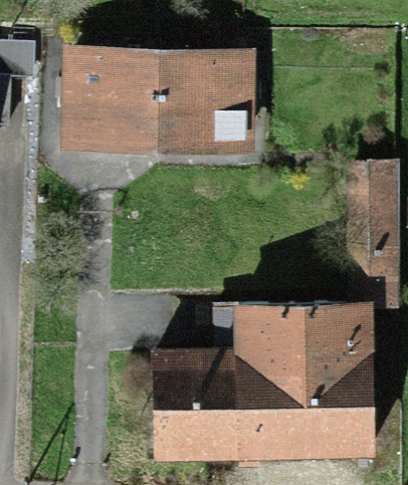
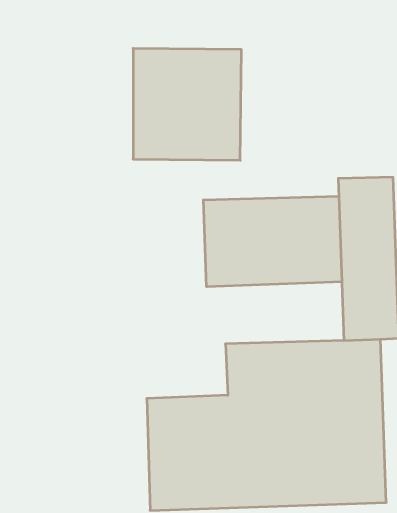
building: [58,51,155,150] -> none
building: none -> [203,196,342,287]

